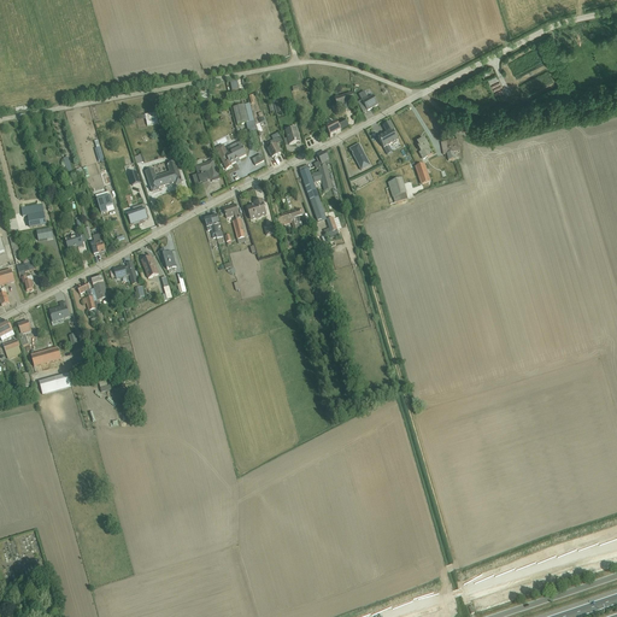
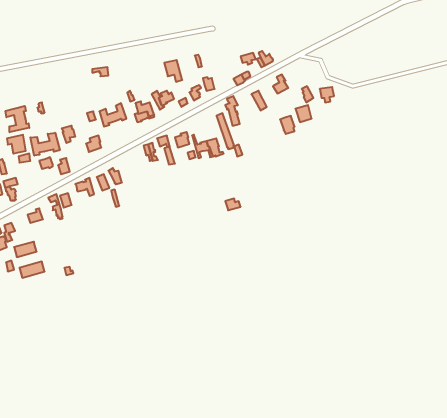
building: none -> [6,106,29,132]
building: none -> [30,133,60,156]

